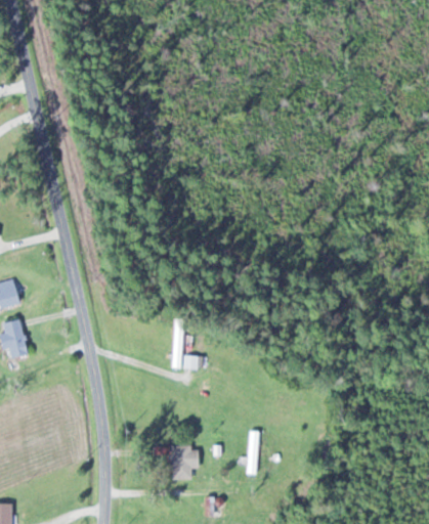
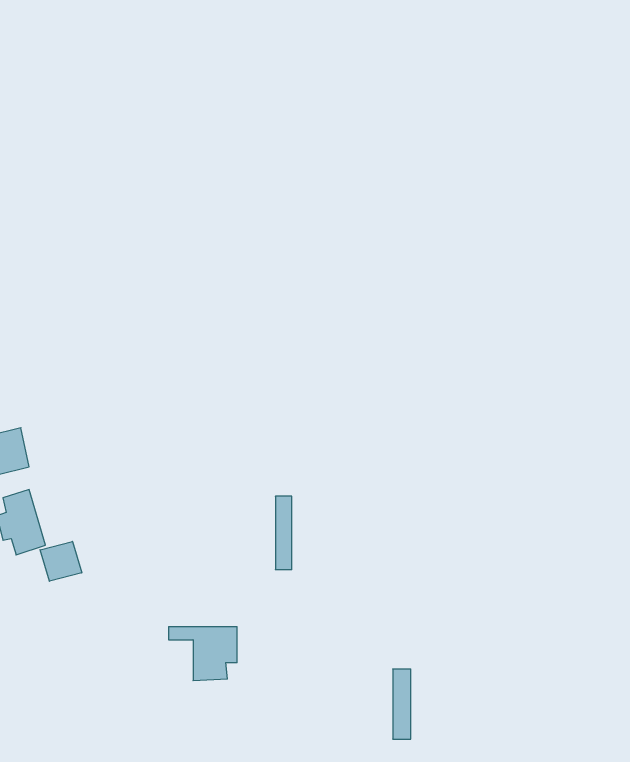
building: none -> [40,541,82,581]
building: [156,446,199,480] -> [169,627,237,681]

